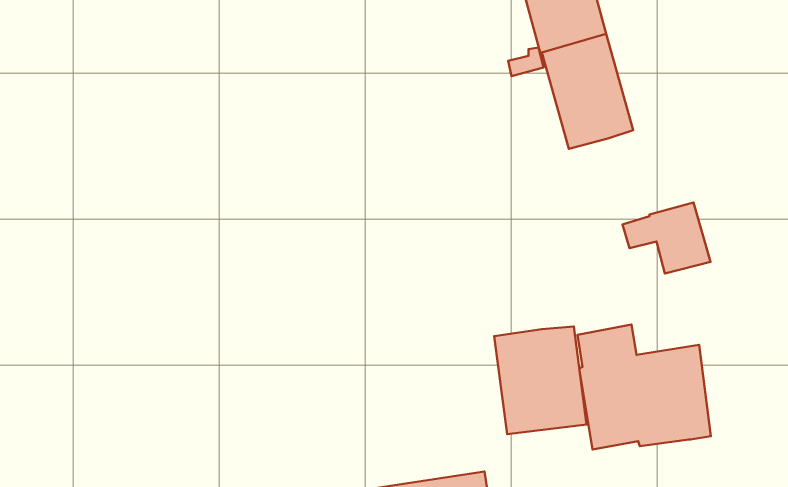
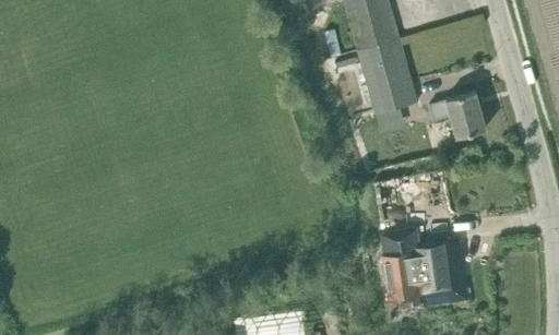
building: [623,203,710,274] -> [429,92,486,137]
building: [494,326,586,434] -> none

